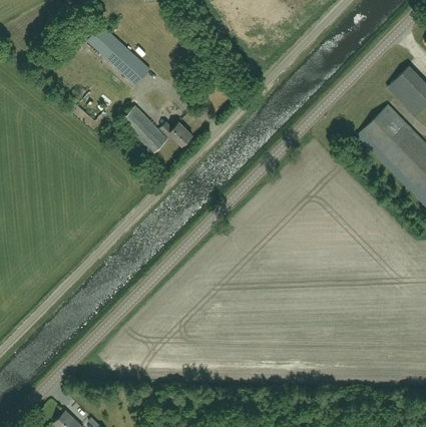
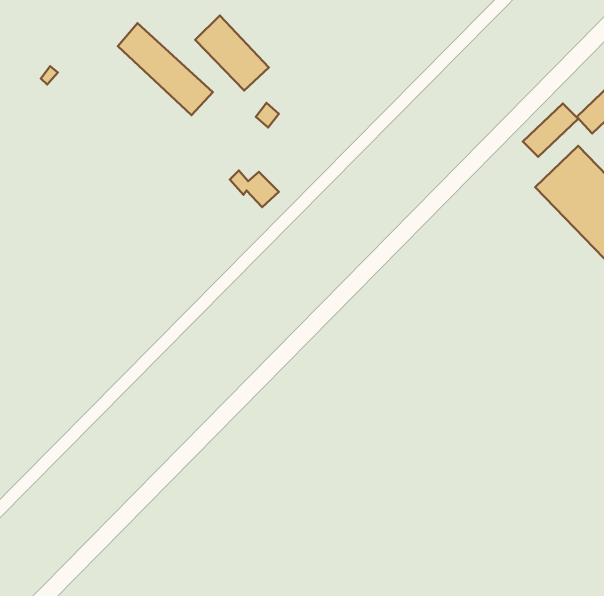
building: none -> [523,103,578,157]
building: [119,106,167,155] -> [195,15,269,90]

